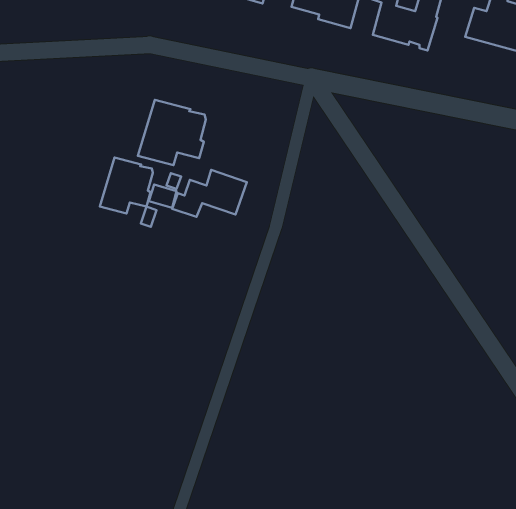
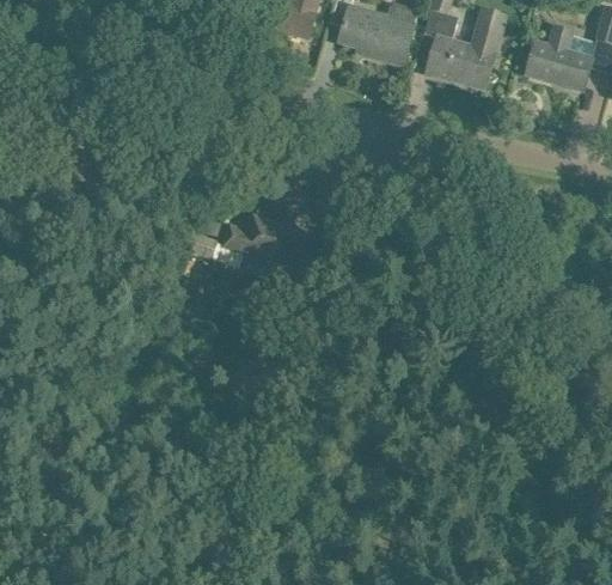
building: [138,100,206,165] -> none
building: [100,157,153,214] -> none

